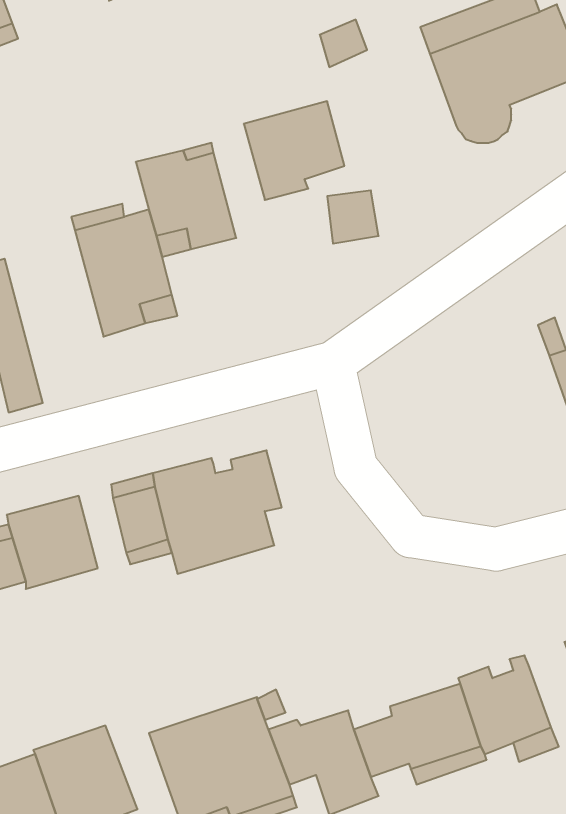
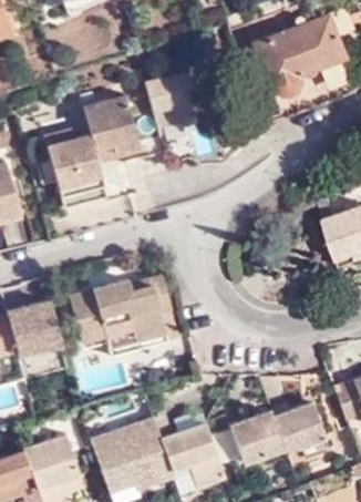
building: none -> [106,307,175,356]

